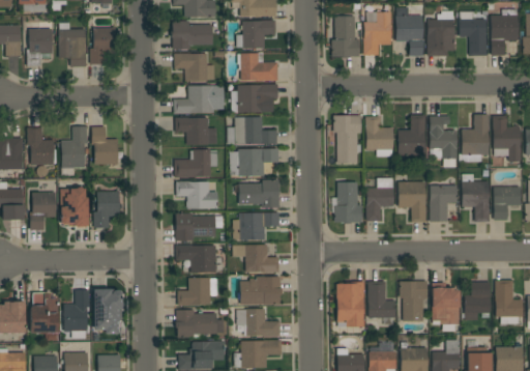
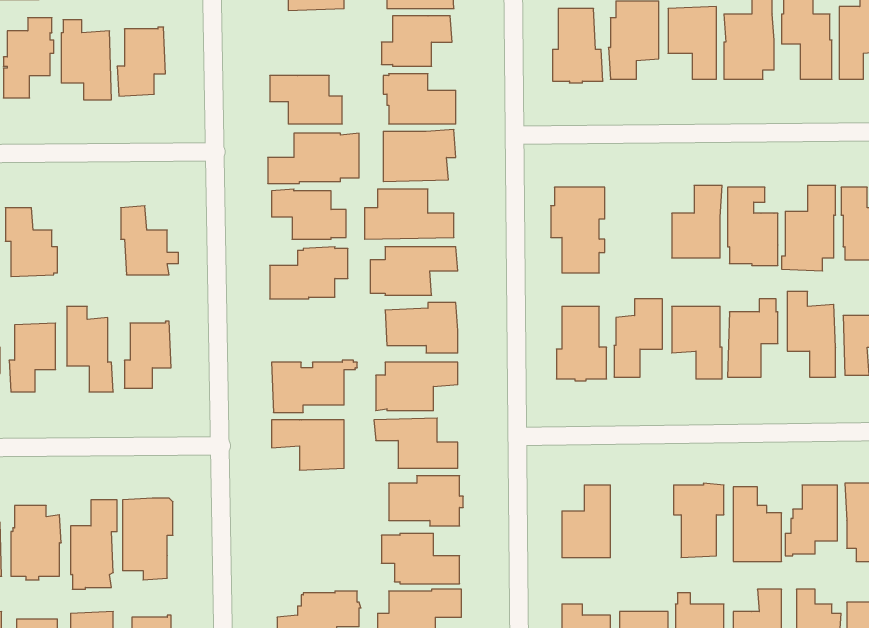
building: [172,22,213,49] -> none
building: [365,117,393,150] -> none
building: [62,126,88,169] -> none
building: [176,181,218,209] -> none
building: [178,278,218,306] -> none
building: [369,282,396,318] -> none
building: [176,310,225,340] -> none

